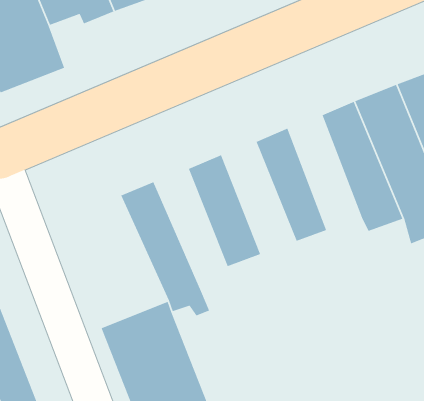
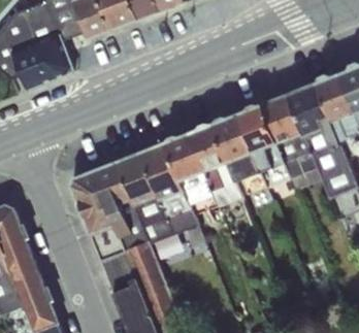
building: none -> [237,104,291,189]
building: none -> [189,124,243,206]
building: none -> [139,143,196,233]
building: none -> [72,163,150,260]

